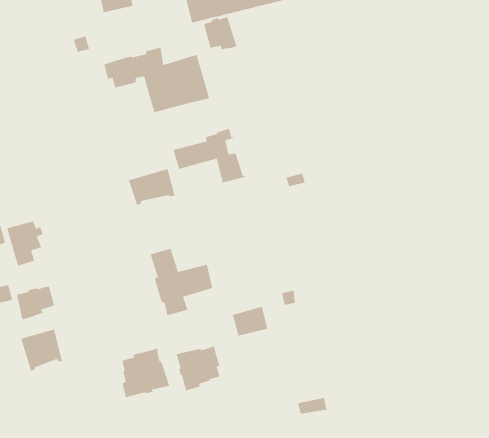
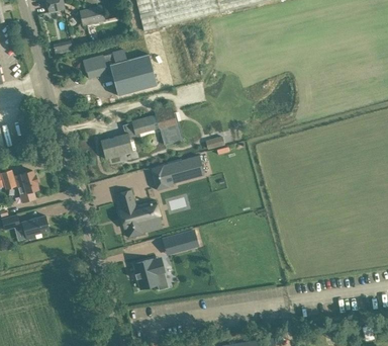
building: [203,16,238,50] -> none
building: none -> [150,155,202,190]
building: [20,328,63,372] -> none
building: [121,348,170,398] -> none

